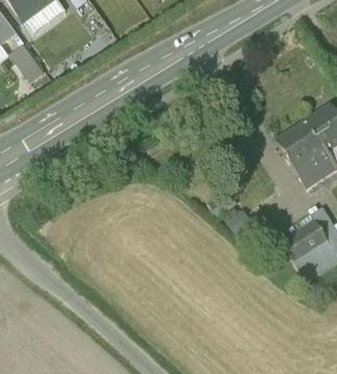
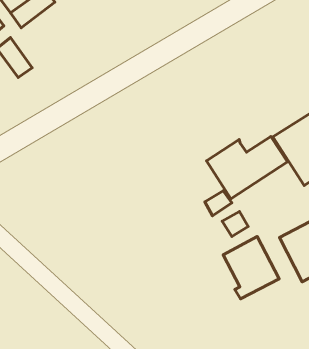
building: none -> [206,137,287,199]
building: none -> [223,237,279,299]

